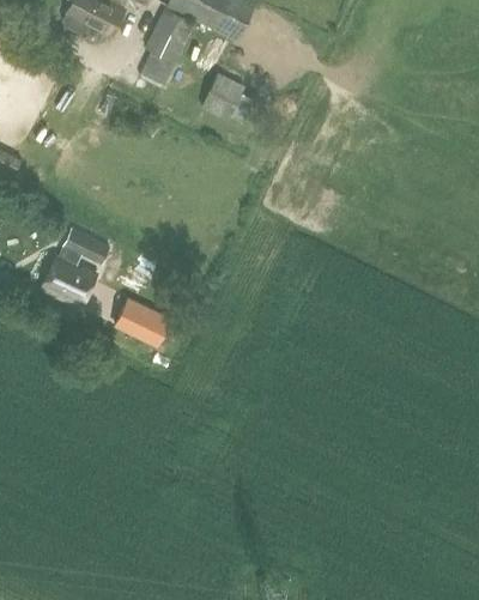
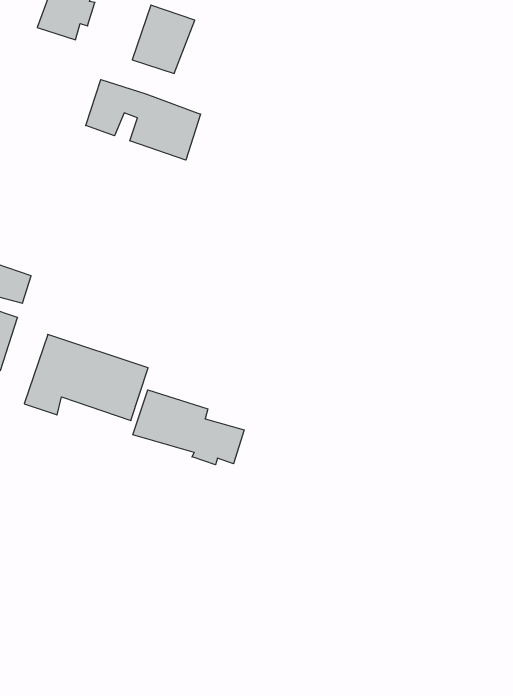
building: none -> [86,80,201,160]
building: none -> [133,390,244,465]

